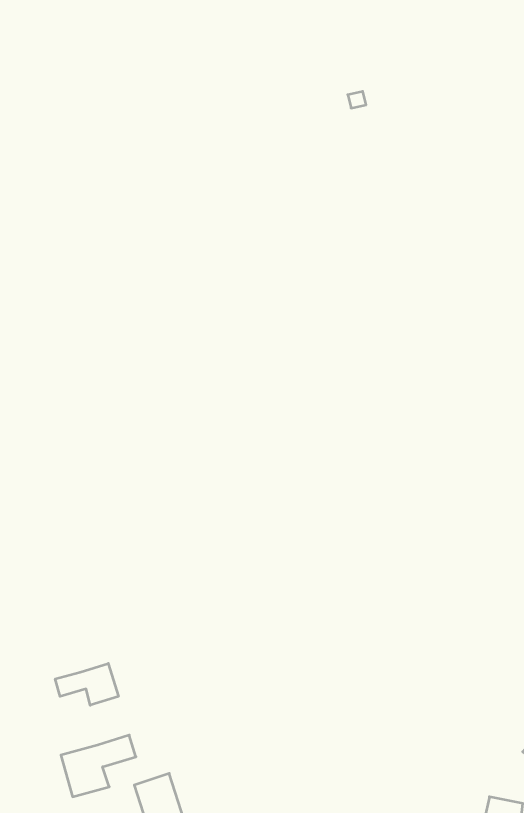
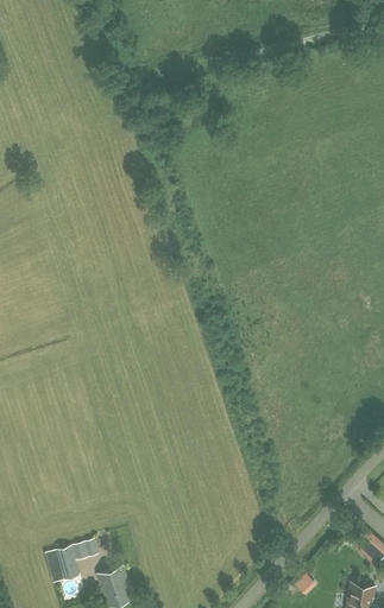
building: [55,663,118,705] -> none

